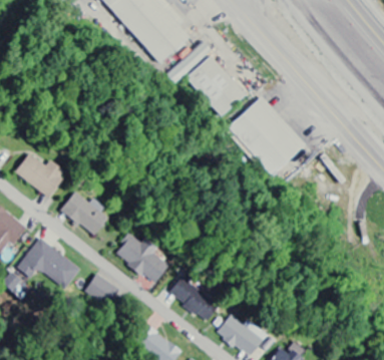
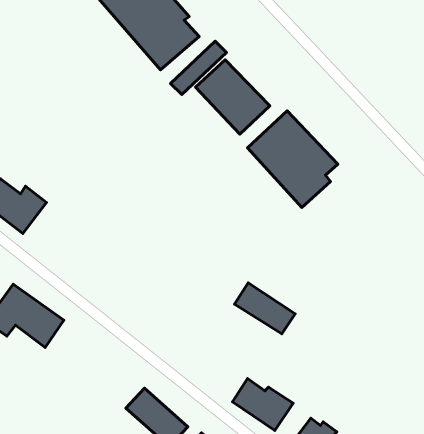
building: [60,192,107,235] -> none
building: [115,233,167,282] -> none
building: [85,273,118,305] -> none
building: [168,278,218,319] -> [235,283,295,334]

